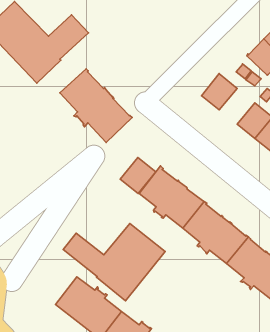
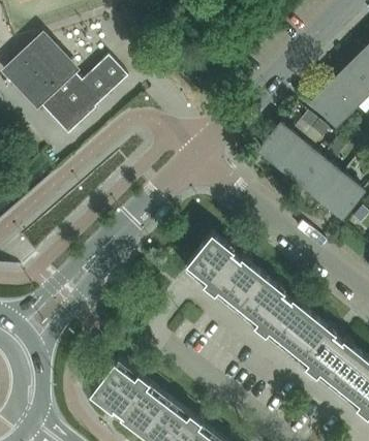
building: [60,69,132,143] -> none
building: none -> [277,143,318,184]
building: [120,157,156,193] -> none
building: [63,223,165,301] -> none

